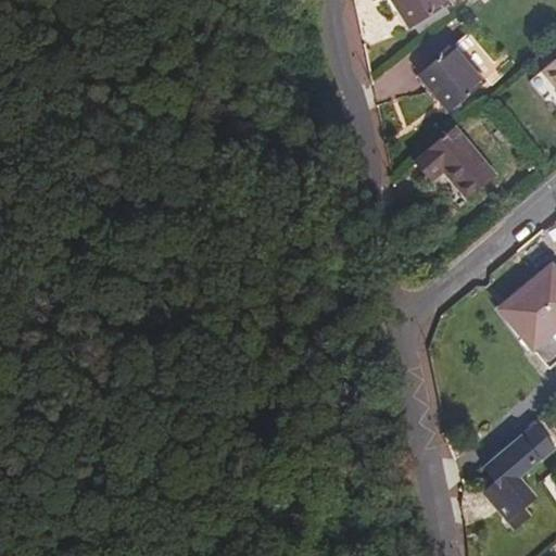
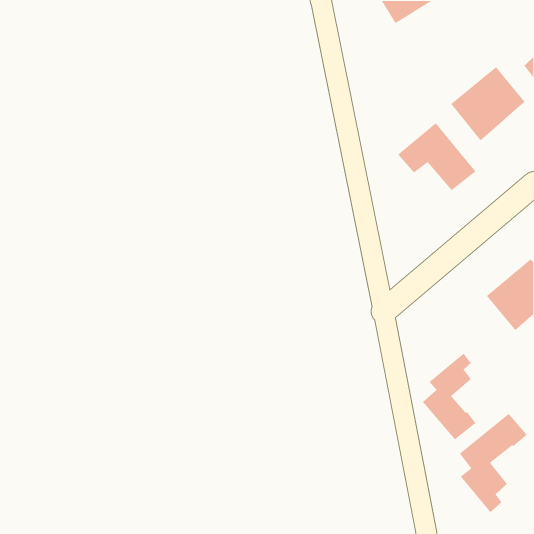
building: [421,31,500,110] -> [450,66,525,141]
building: none -> [422,353,477,441]

